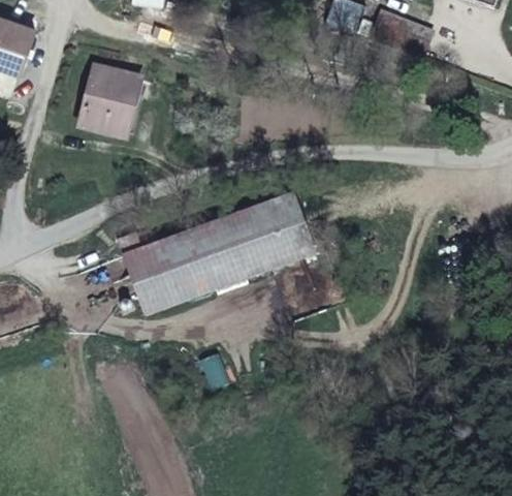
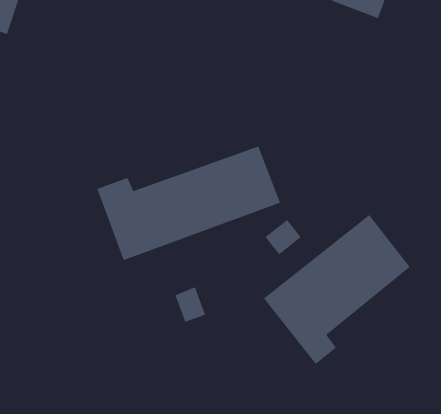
building: [79,64,139,136] -> none
building: none -> [263,214,410,365]

